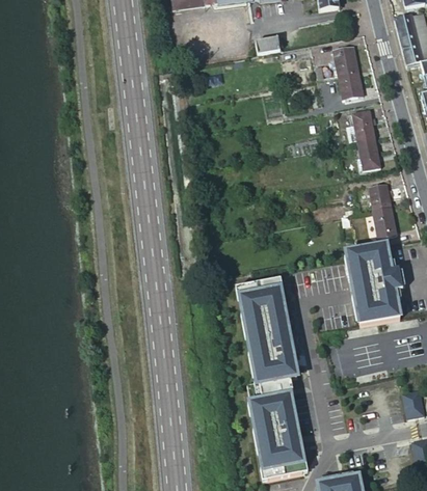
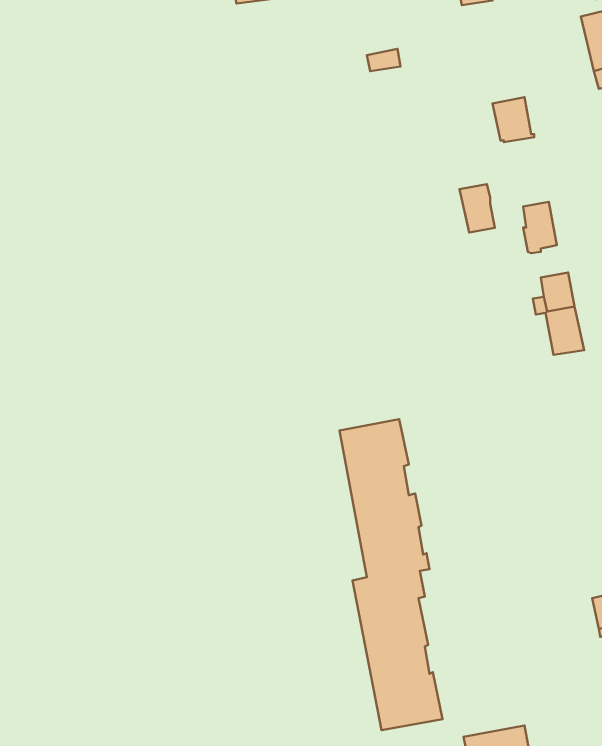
building: [332,43,358,74] -> none
building: [351,109,374,140] -> [459,184,495,233]
building: [346,241,402,323] -> none

